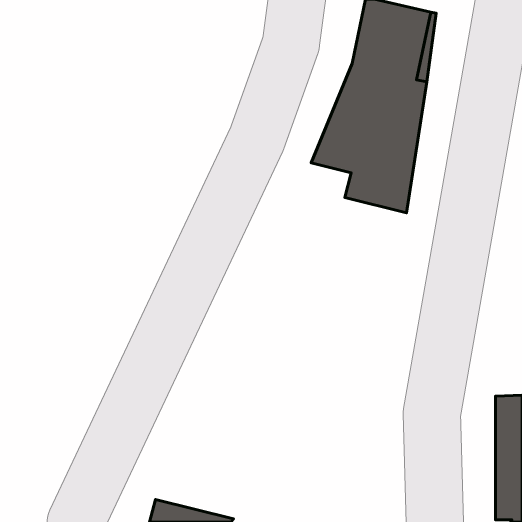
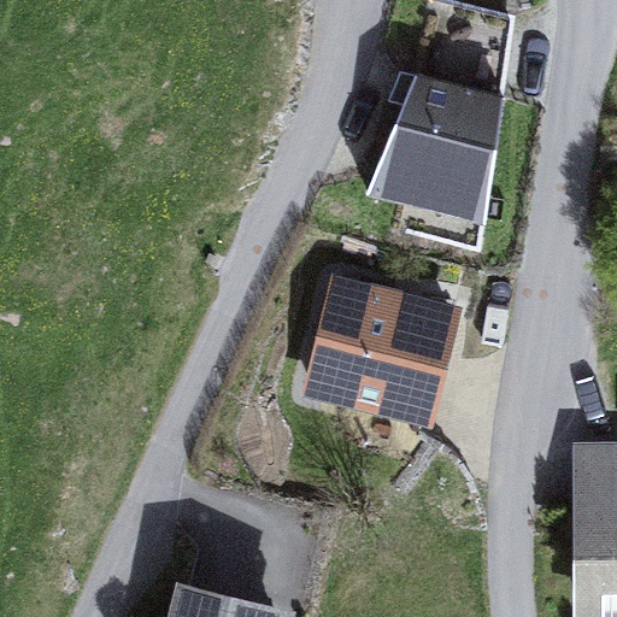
building: none -> [311,284,451,416]

